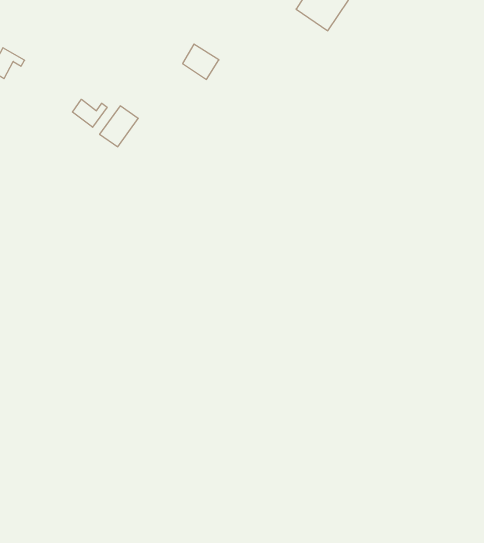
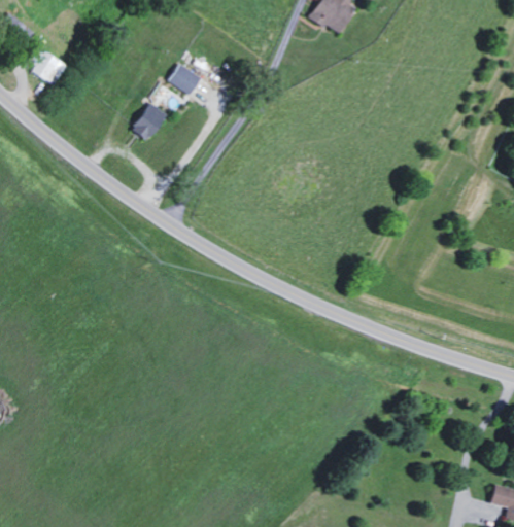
building: [183,44,219,79] -> [169,63,202,95]
building: [72,99,107,127] -> none

